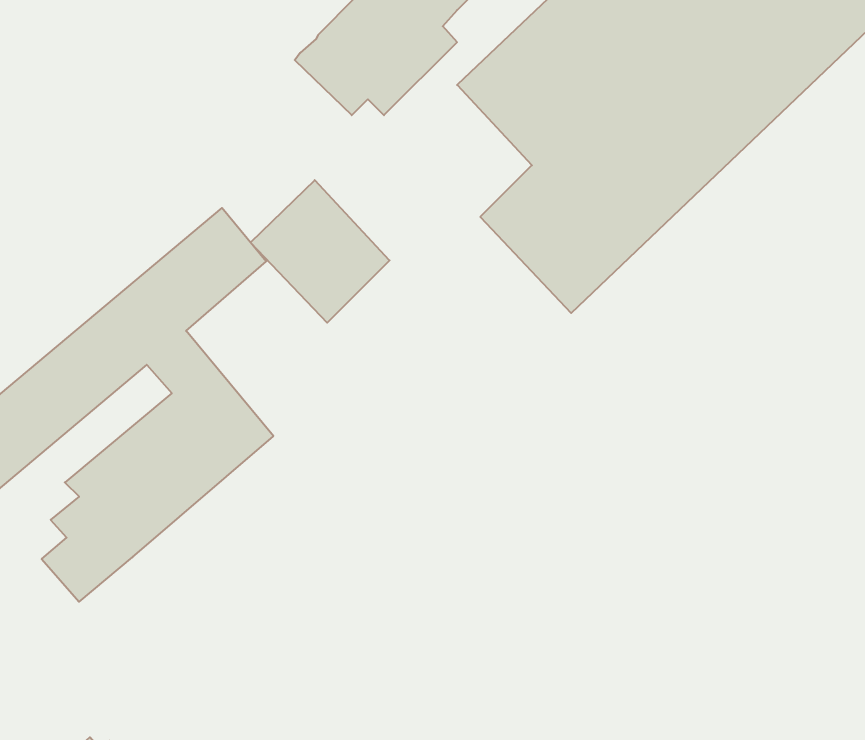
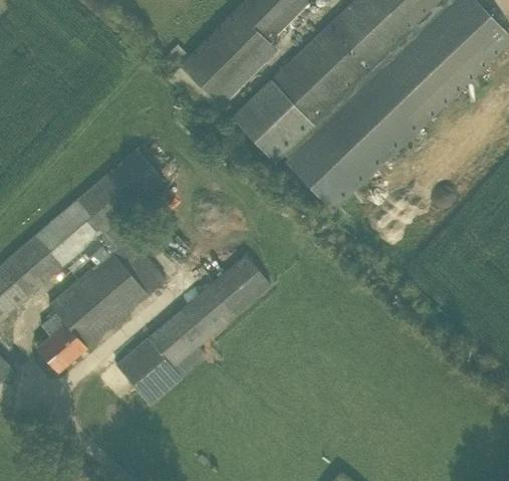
building: [251,180,390,323] -> [234,81,312,162]
building: none -> [115,255,270,405]

